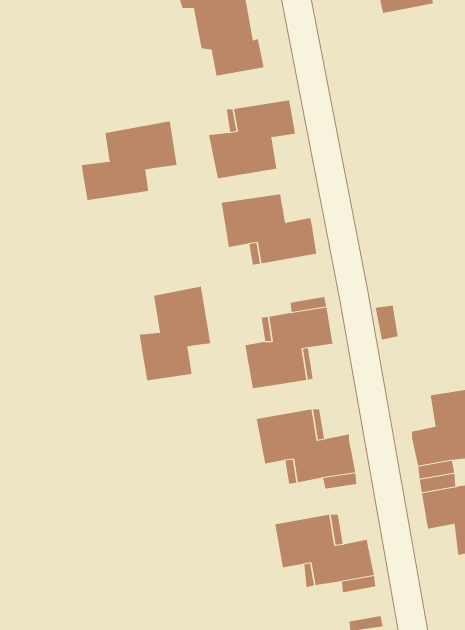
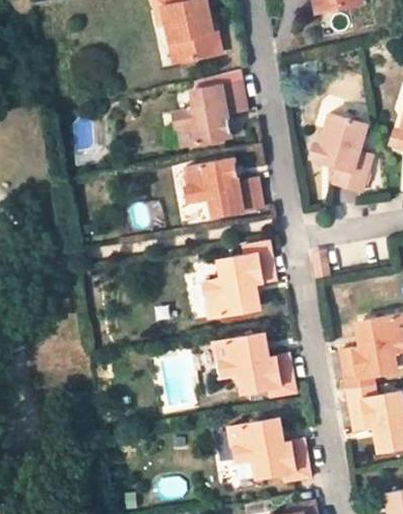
building: [82,121,177,201] -> none
building: none -> [315,114,373,192]
building: [139,286,211,381] -> none

